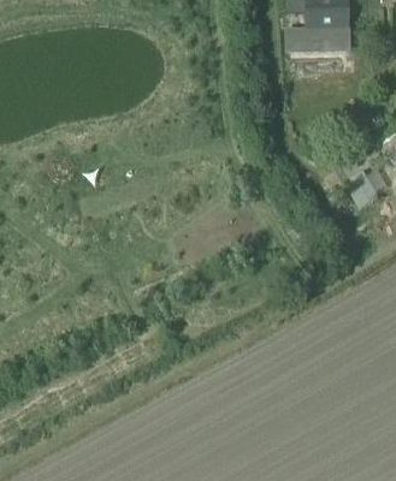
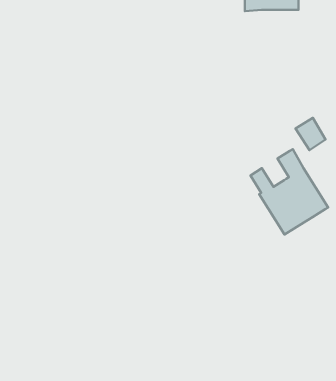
building: none -> [250,149,328,235]

